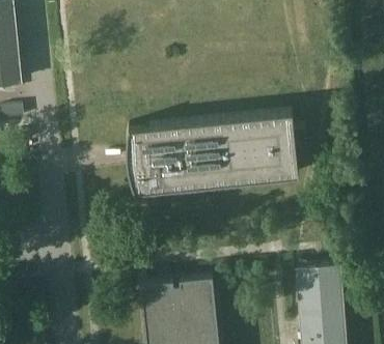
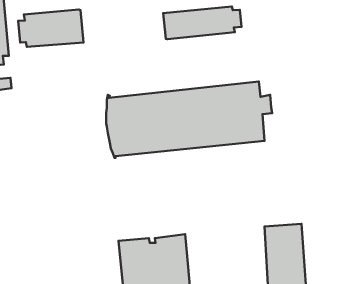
building: none -> [163,6,242,39]
building: none -> [18,10,83,47]

